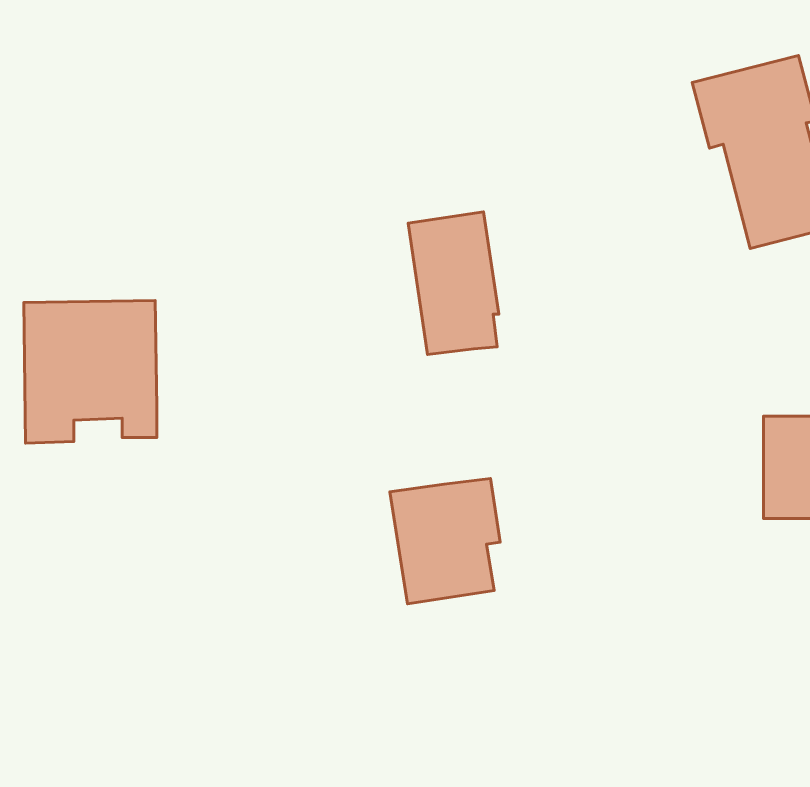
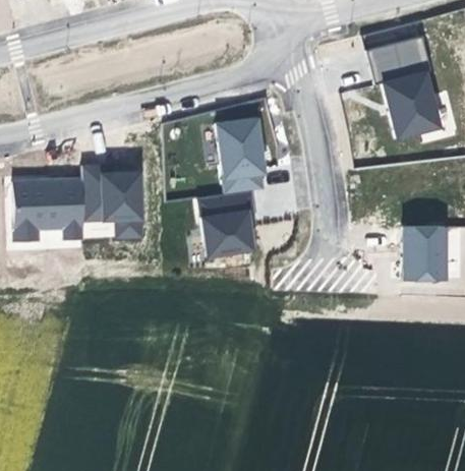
building: none -> [83,150,146,239]
building: [390,478,500,604] -> [198,191,256,257]

